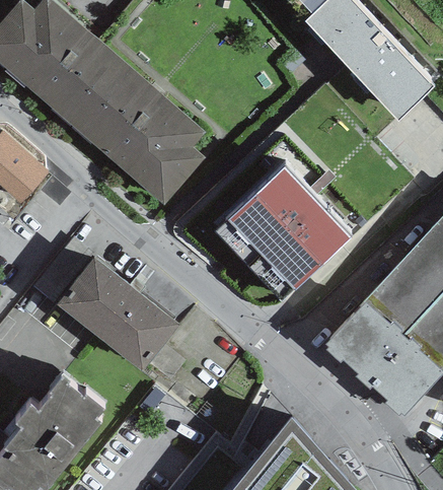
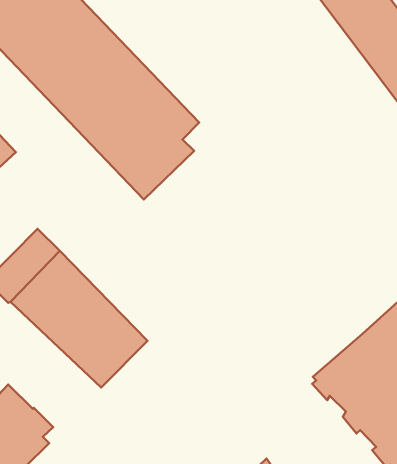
building: [215,164,351,300] -> none

